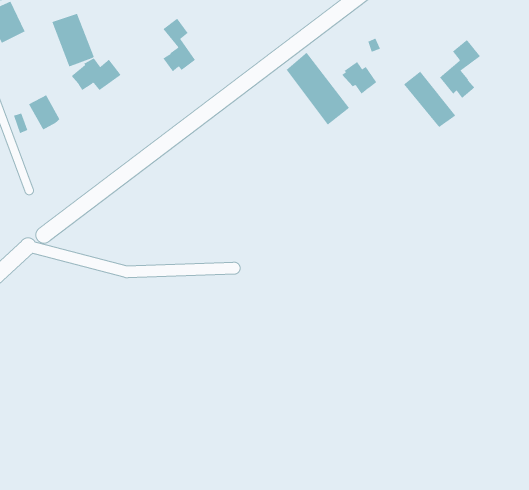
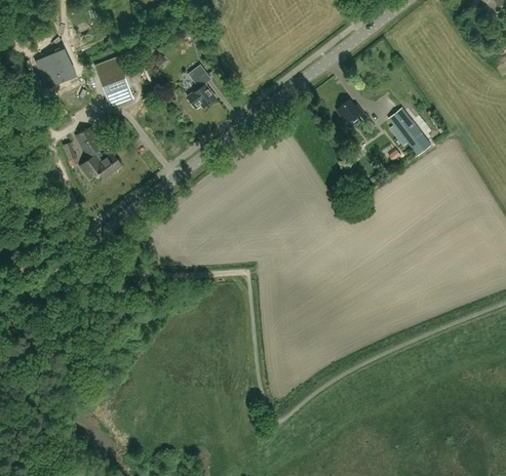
building: [439,39,481,99] -> none
building: [286,52,350,126] -> none
building: [71,58,121,91] -> [80,151,122,179]

